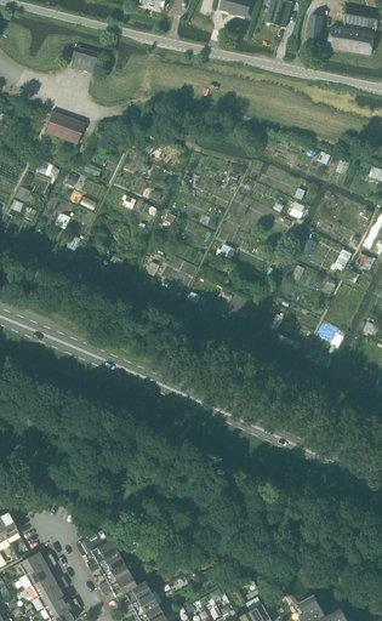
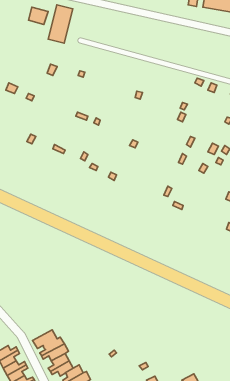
building: none -> [48,5,73,43]
building: [44,112,85,144] -> none

